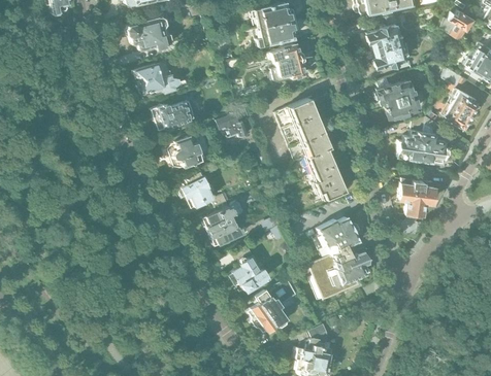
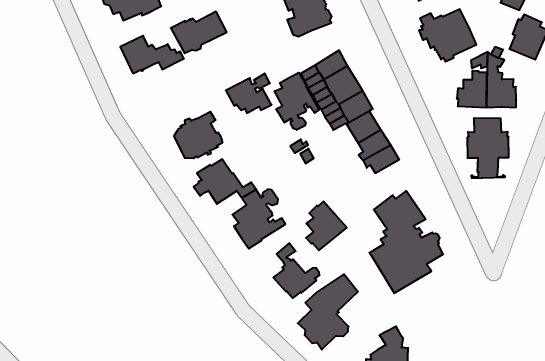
building: [153,102,197,132] -> [171,12,227,53]
building: none -> [275,73,319,130]
building: none -> [306,201,347,250]

